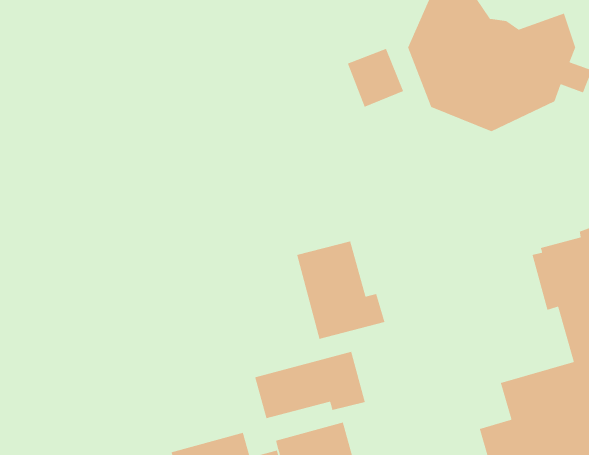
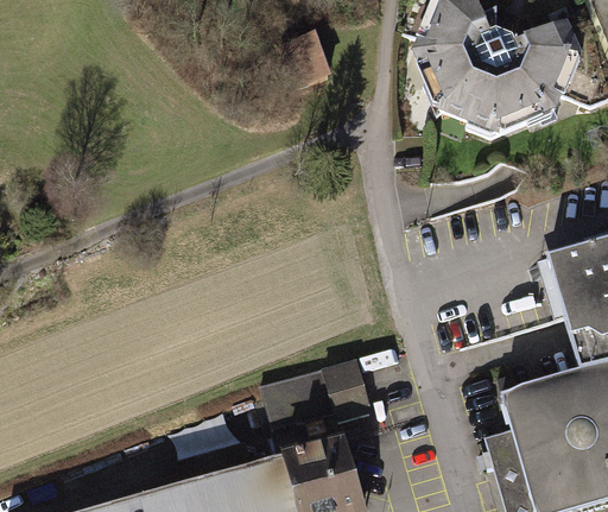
building: [347,48,404,108] -> [277,31,335,91]
building: [296,240,386,340] -> none

